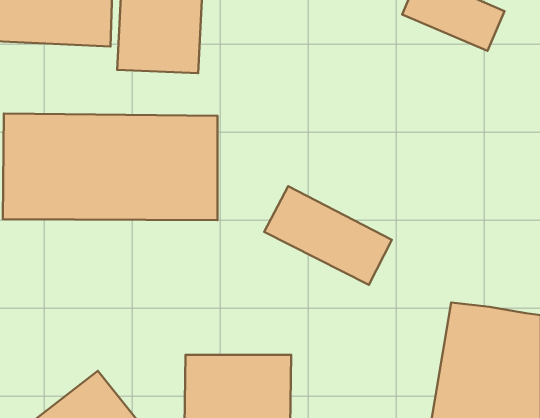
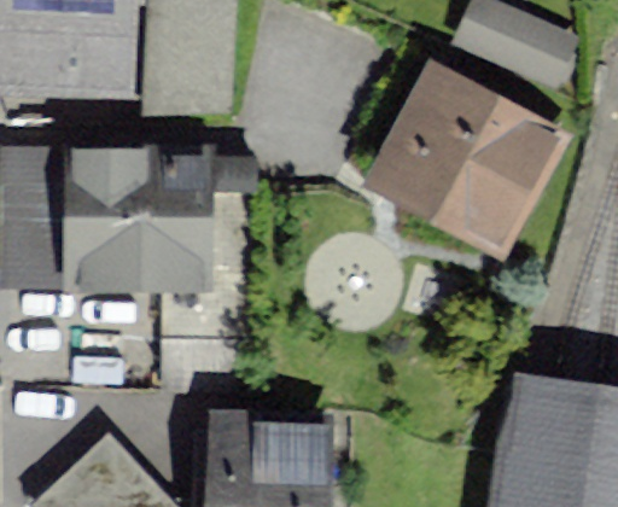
building: none -> [369,66,556,249]
building: [264,186,392,285] -> none

